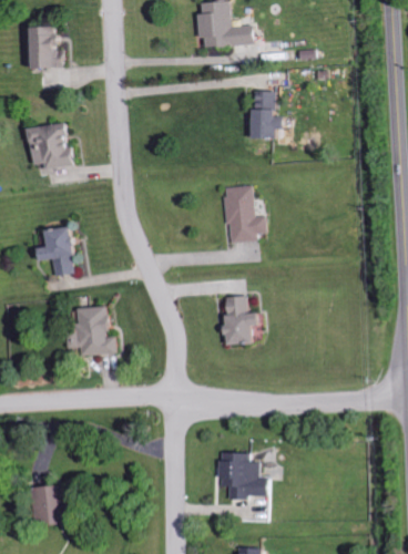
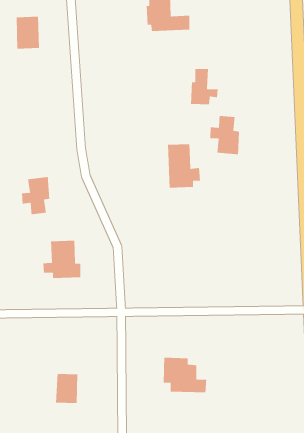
building: [27,122,72,167] -> none
building: none -> [209,115,240,155]
building: [223,295,259,343] -> none
building: [31,485,60,524] -> [55,373,78,404]

